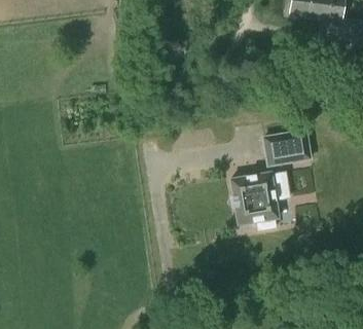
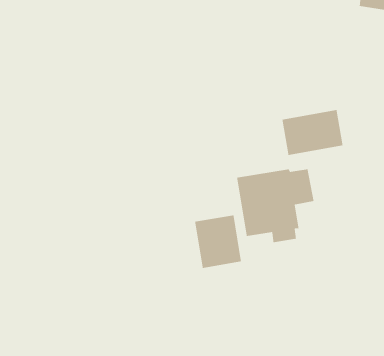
building: none -> [194,214,242,269]

